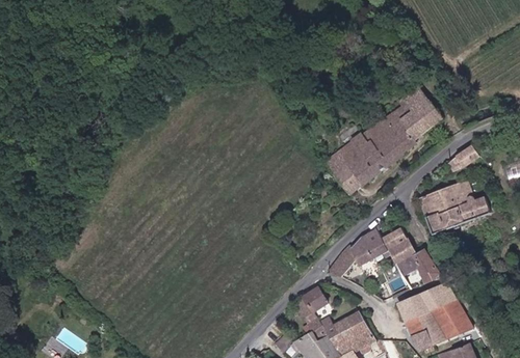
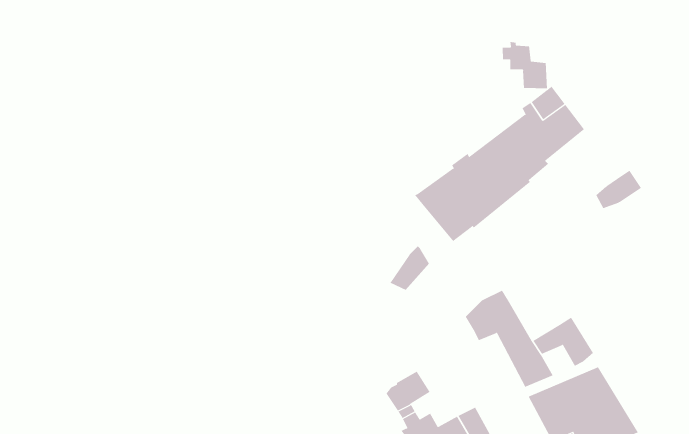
building: none -> [502,41,548,89]
building: [421,181,491,235] -> none
building: [384,228,418,265] -> none
building: [331,246,359,277] -> [389,245,430,290]

